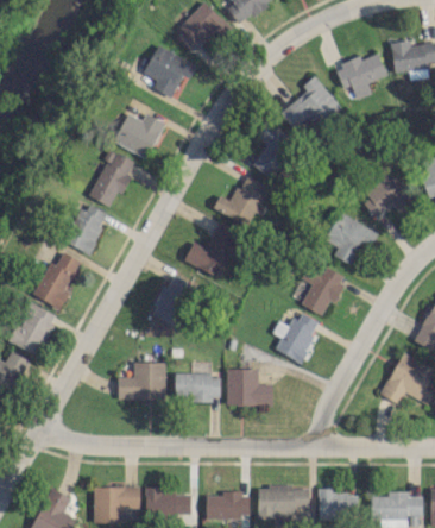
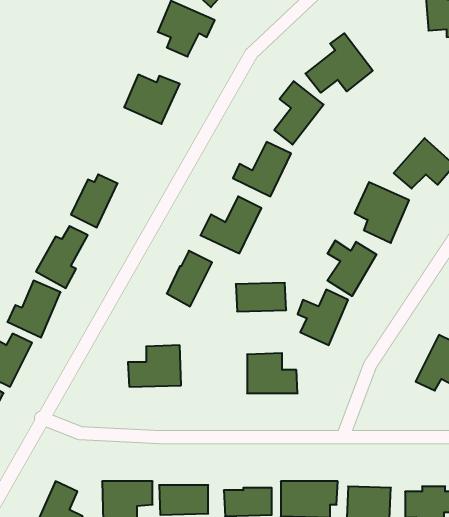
building: [335,52,387,99] -> none
building: [89,150,137,206] -> none
building: [175,373,221,400] -> [236,283,286,311]

